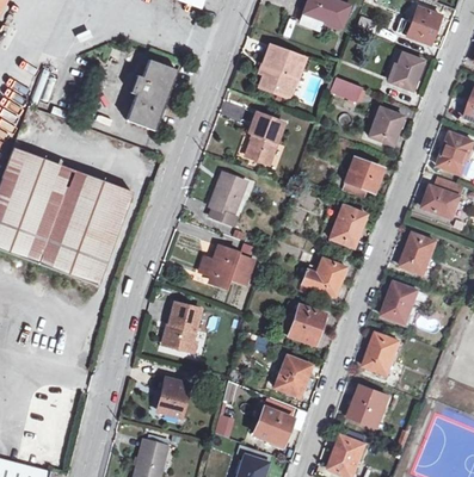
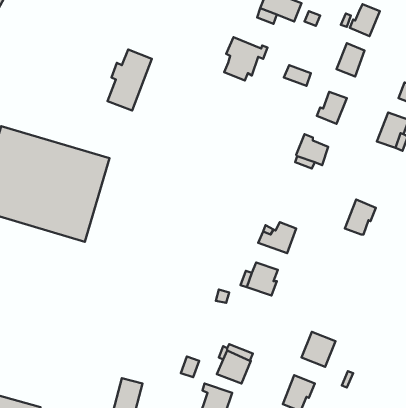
building: [245,113,283,163] -> none
building: [210,172,246,224] -> none
building: [423,186,461,218] -> none
building: [328,205,365,247] -> none
building: [198,244,253,287] -> none
building: [384,281,419,324] -> none
building: [161,301,199,351] -> none
building: [364,333,400,373] -> none
building: [273,354,310,396] -> none
building: [156,378,187,417] -> none

